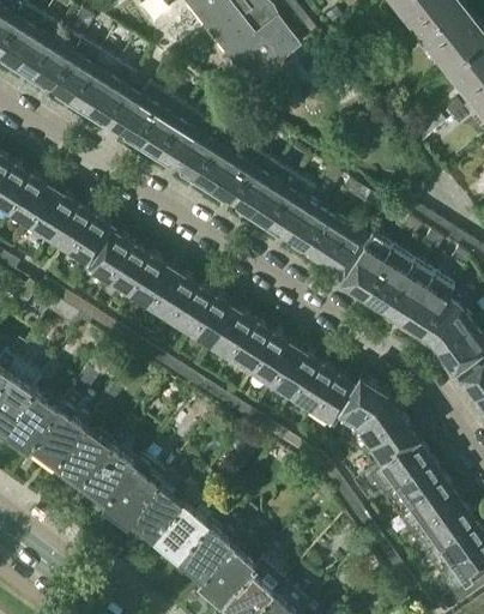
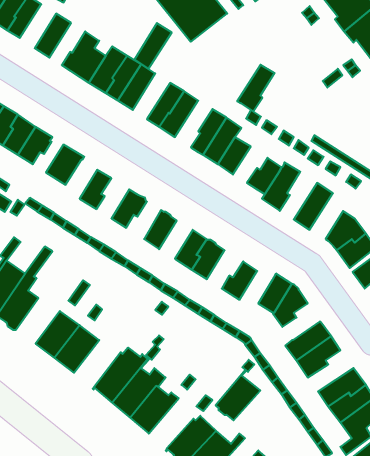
building: [30,32,77,89] -> none
building: [68,56,114,110] -> none
building: [175,121,223,180] -> [134,23,172,69]
building: [229,156,277,216] -> [237,65,275,111]
building: [47,203,86,248] -> none
building: [303,215,347,261] -> none
building: [85,231,129,282] -> none
building: [363,247,411,308] -> none
building: [128,255,170,307] -> none
building: [401,275,453,333] -> none
building: [167,285,211,333] -> none
building: [208,309,252,359] -> none
building: [270,348,316,397] -> none
building: [25,368,96,468] -> none
building: [311,374,353,423] -> none
building: [367,416,416,463] -> none
building: [99,458,162,524] -> none
building: [399,476,458,529] -> none
building: [195,537,253,602] -> [216,370,260,420]

